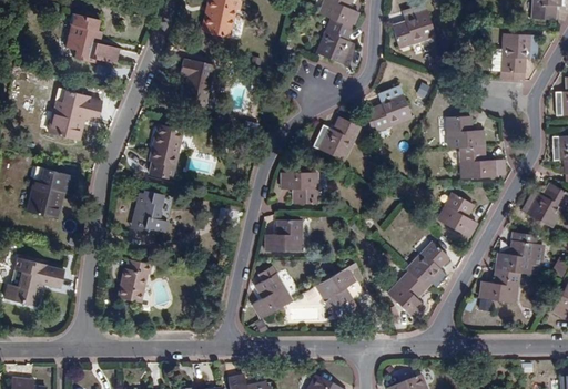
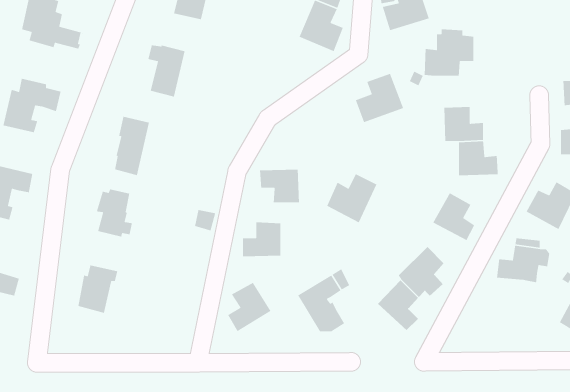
building: [491,29,537,72] -> [424,29,474,77]
building: [313,116,359,162] -> [326,173,378,223]
building: [480,270,519,304] -> none

